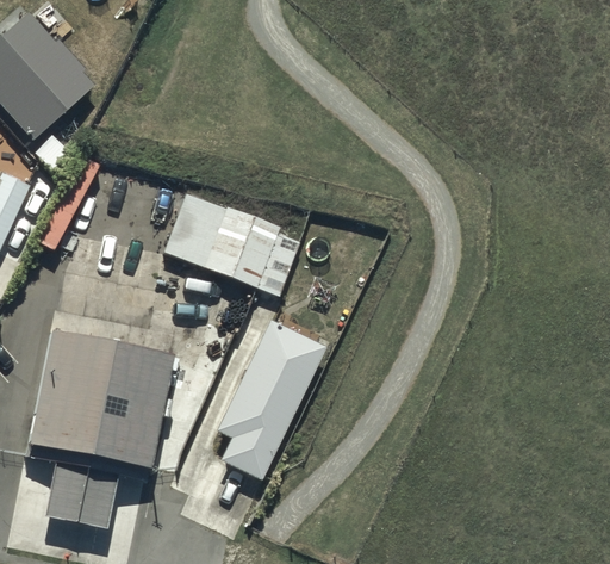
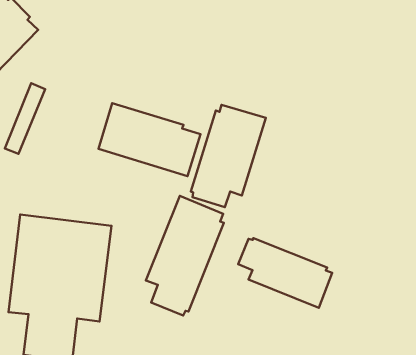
building: none -> [191,105,266,207]
building: none -> [238,238,332,308]

